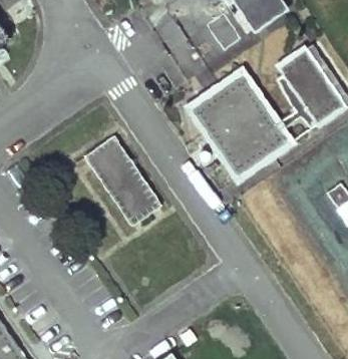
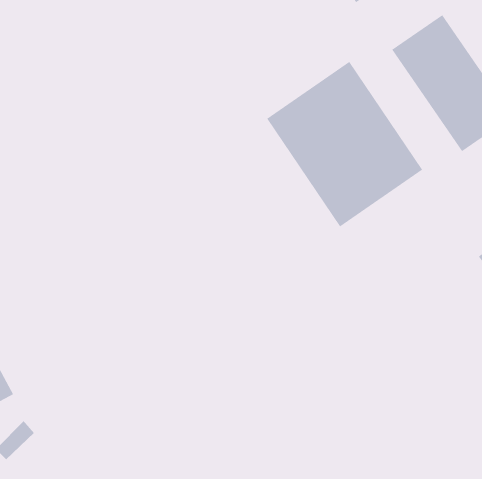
building: [83,134,160,224] -> none

